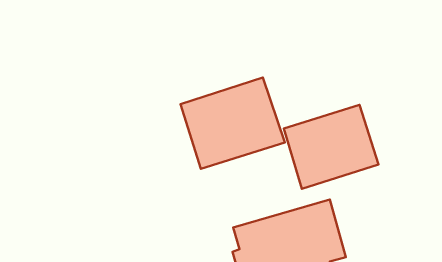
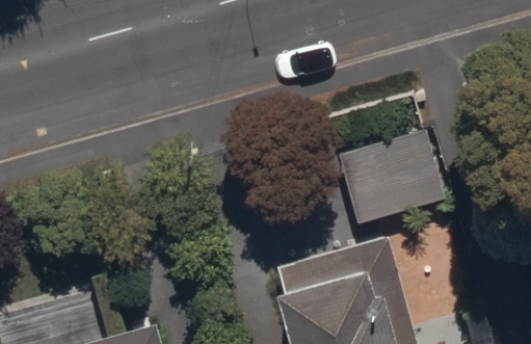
building: [180,77,285,169] -> none

